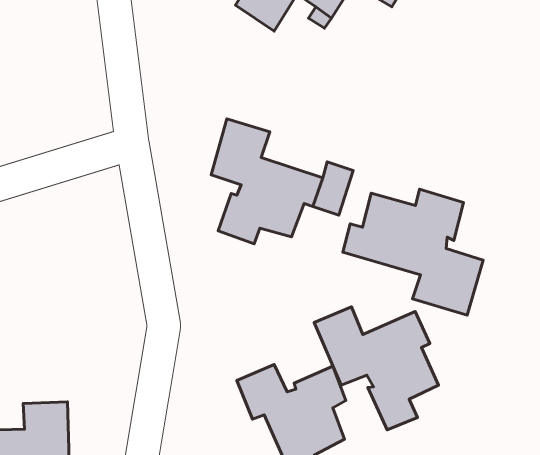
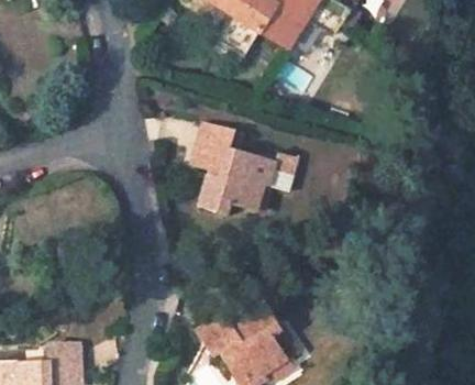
building: [343,189,483,315] -> none
building: [314,307,439,430] -> none

